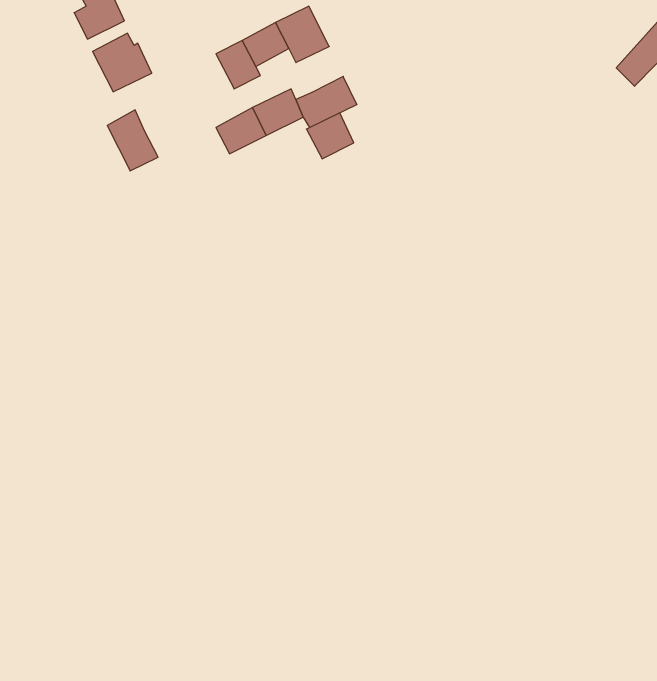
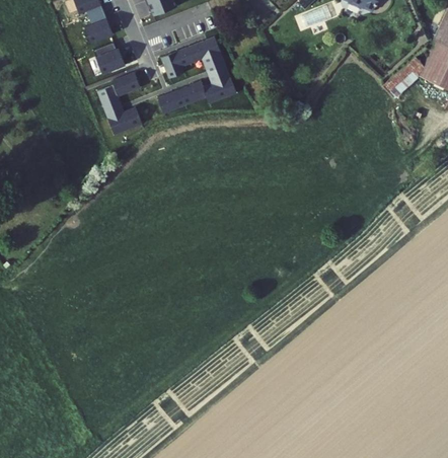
building: none -> [111,71,140,95]
building: [306,113,354,159] -> [205,59,230,83]
building: none -> [107,106,142,134]

